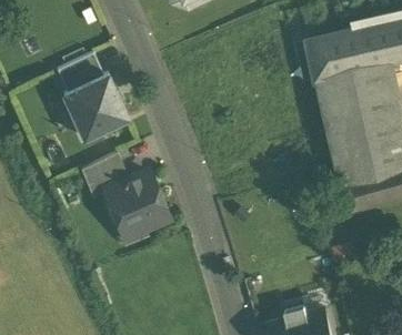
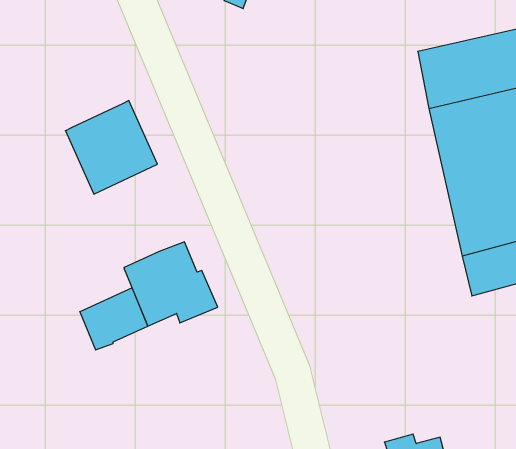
building: [56,53,101,92] -> none
building: [79,152,127,195] -> [80,288,148,350]

